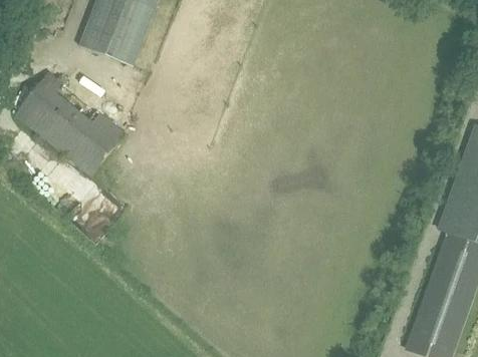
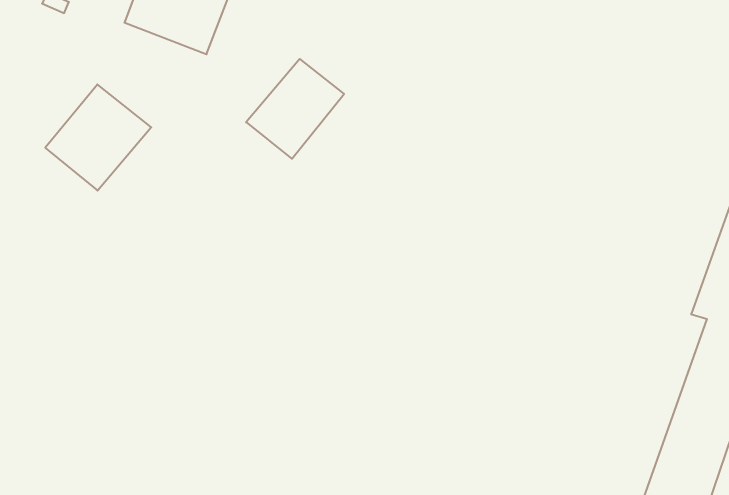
building: [15,72,65,124] -> none
building: [62,111,125,174] -> [246,59,344,159]

